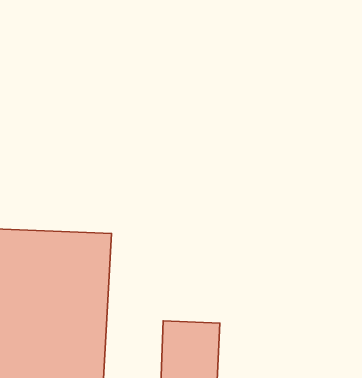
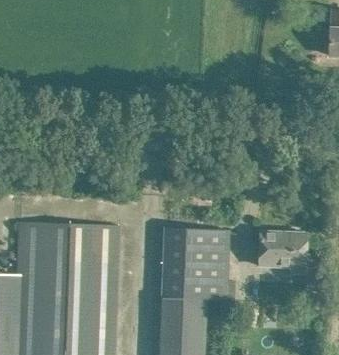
building: none -> [162,226,230,298]
building: none -> [260,230,307,271]

